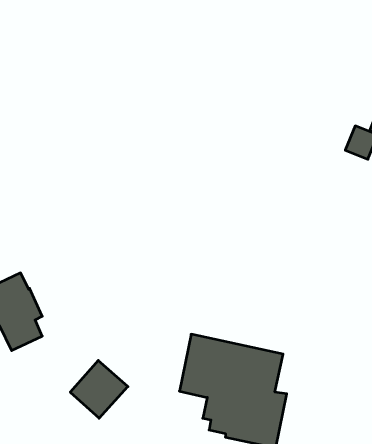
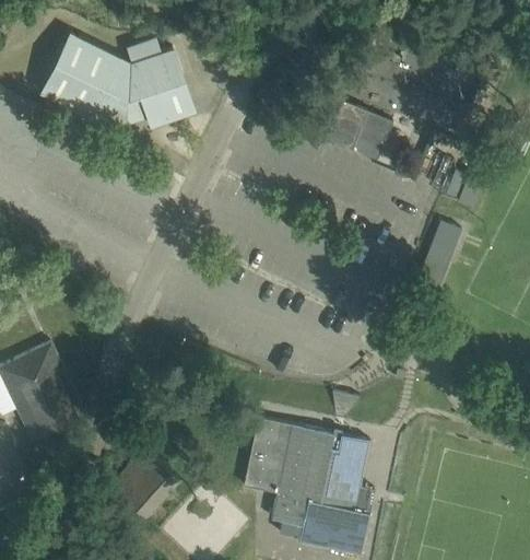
building: none -> [40,33,193,126]
building: none -> [326,101,391,159]
building: none -> [416,221,460,285]

